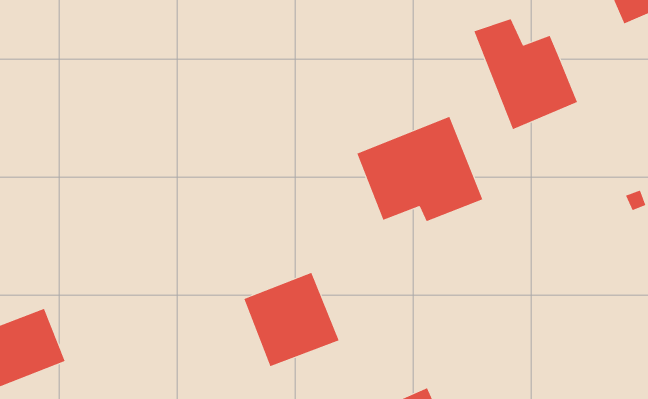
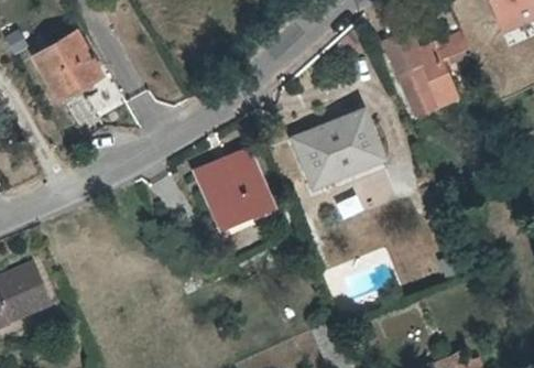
building: none -> [35,33,102,100]
building: [244,272,340,367] -> [198,149,274,224]

